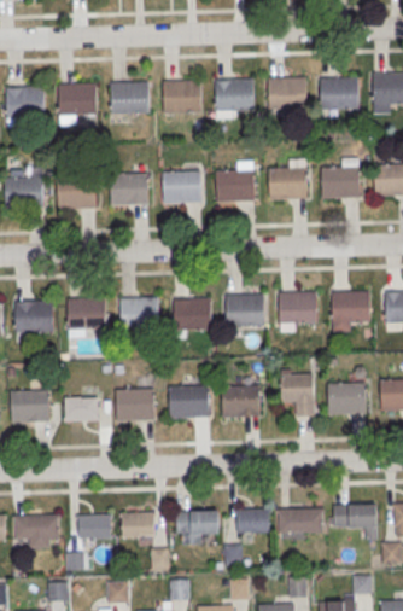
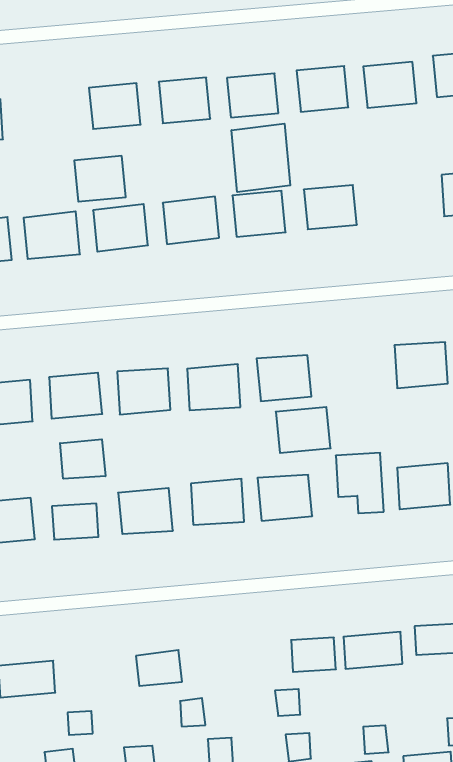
building: [58,83,95,116] -> [74,156,126,202]
building: none -> [232,124,290,192]
building: [321,167,358,198] -> none
building: [278,291,317,324] -> [276,407,331,453]
building: none -> [60,439,105,479]
building: [176,510,220,535] -> none
building: [78,514,111,540] -> none

